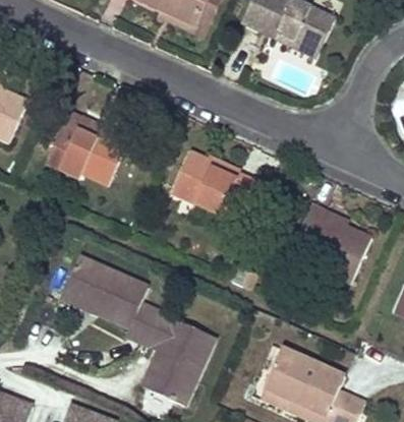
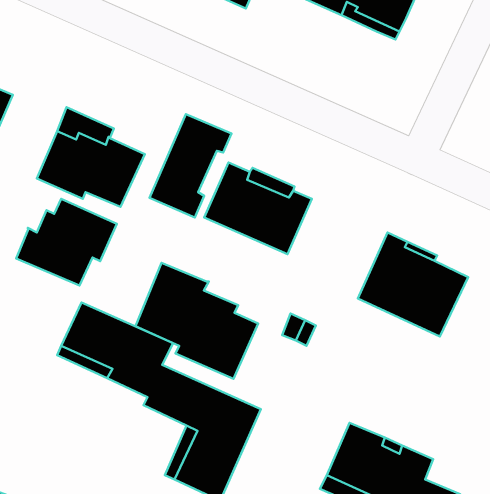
building: none -> [149,114,231,217]
building: none -> [16,199,117,286]
building: none -> [135,263,258,379]

